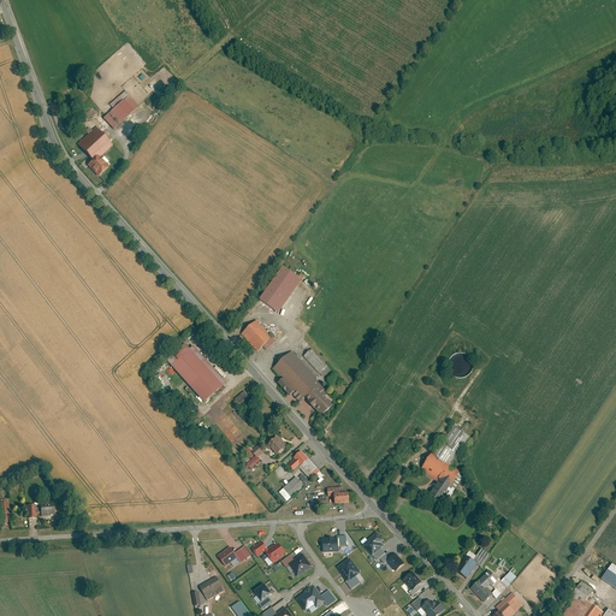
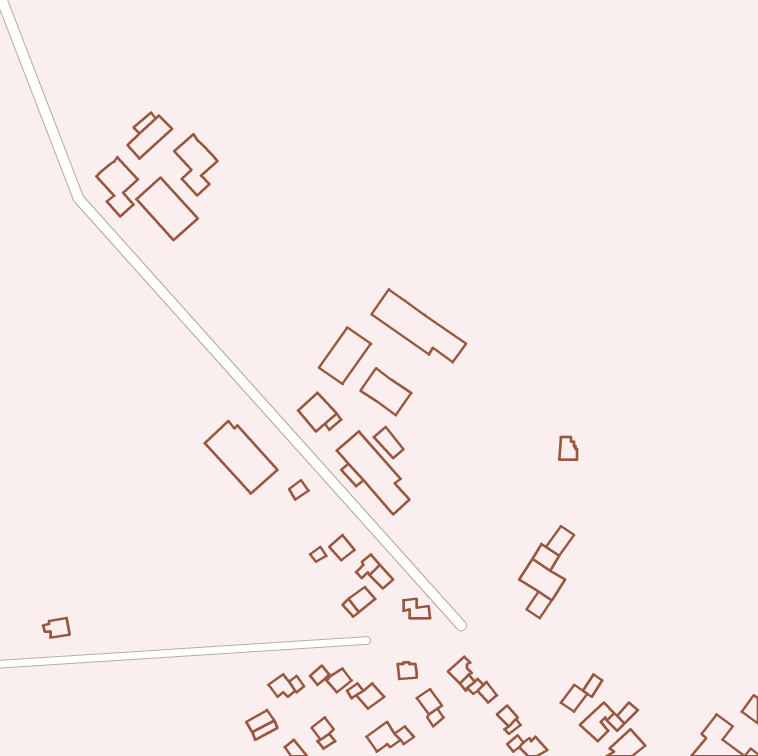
building: none -> [174,134,217,195]
building: none -> [136,178,198,240]
building: none -> [372,289,466,362]
building: none -> [361,368,411,415]

